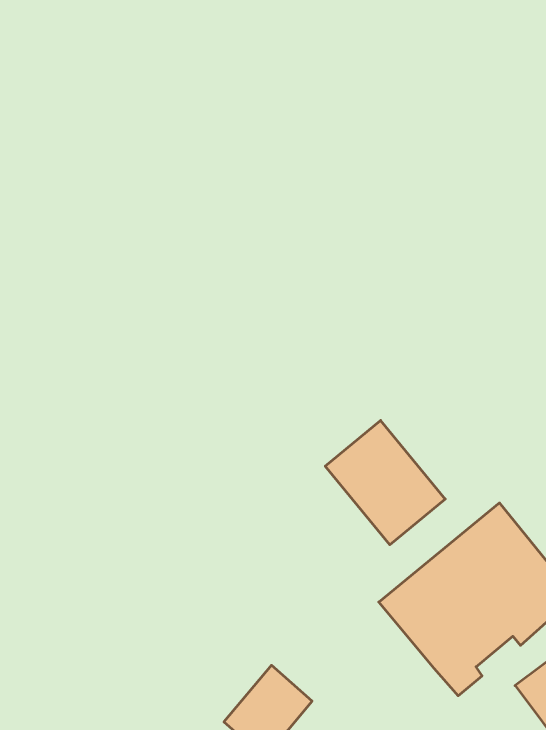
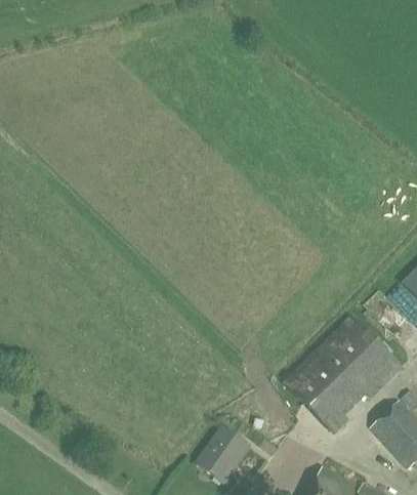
building: [325,420,445,545] -> none

